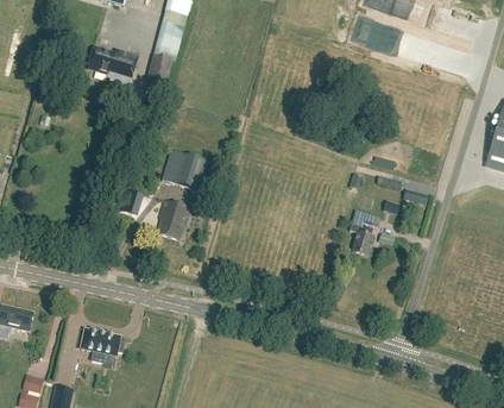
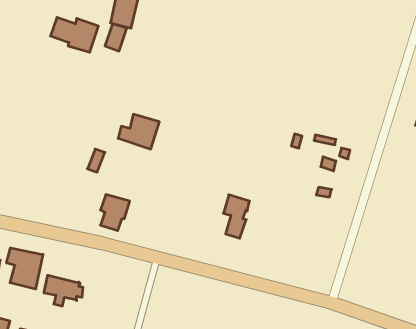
building: [159,200,191,239] -> [100,195,130,231]
building: [349,209,378,257] -> [223,195,250,238]
building: none -> [7,248,43,289]

